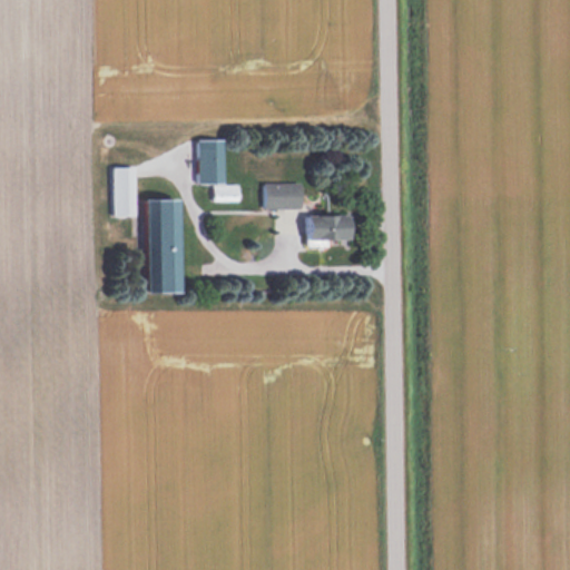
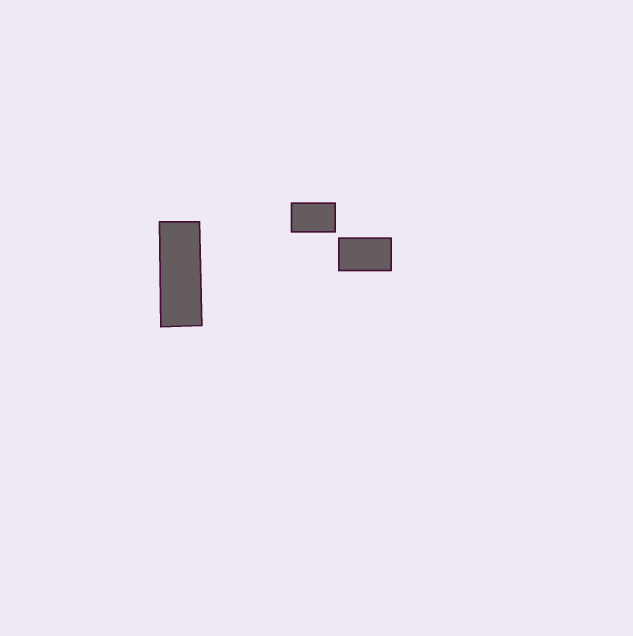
building: [199,139,240,202] -> none
building: [115,167,137,216] -> none

